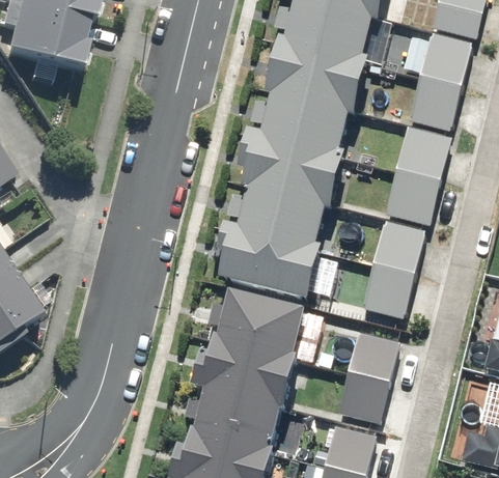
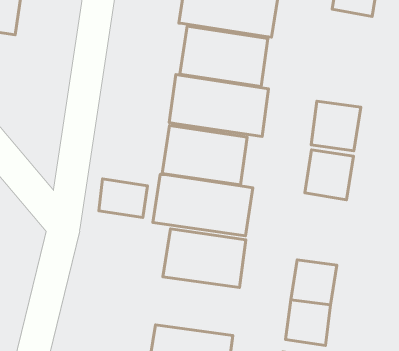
building: [409,77,461,132] -> none
building: [395,125,450,180] -> none
building: none -> [99,179,148,217]
building: [362,263,416,318] -> none
building: [206,336,297,403] -> none

